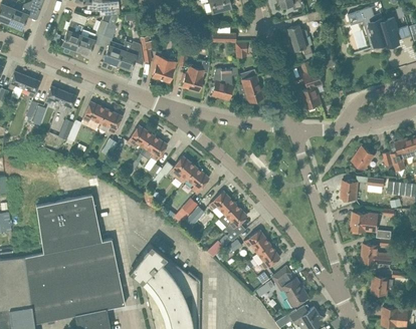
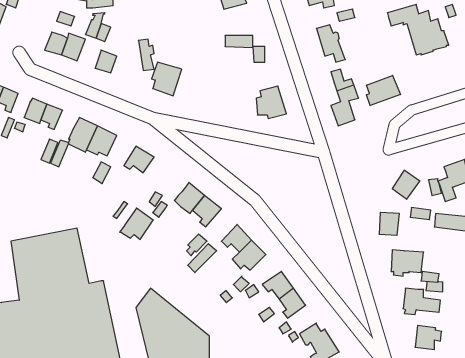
building: [117,42,144,69] -> none
building: [181,60,209,91] -> none
building: none -> [366,75,401,106]
building: [211,67,237,99] -> none
building: [139,134,167,160] -> [120,208,153,239]

